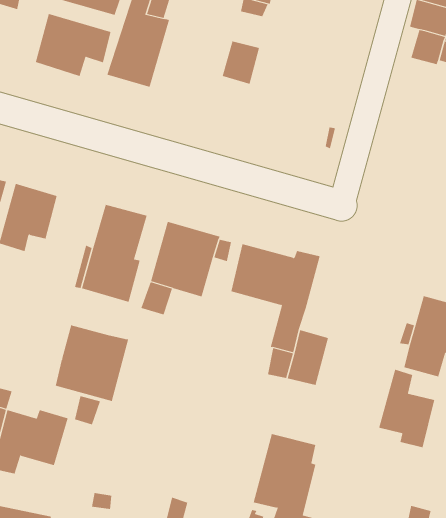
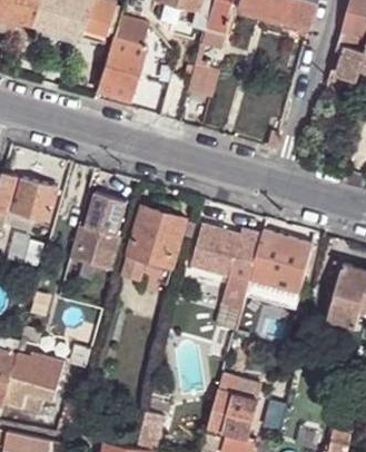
building: [35,13,111,77] -> none
building: none -> [254,230,314,288]
building: [55,324,129,402] -> none
building: [379,369,435,448] -> none

